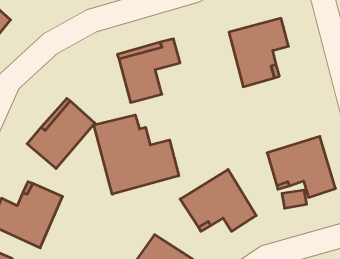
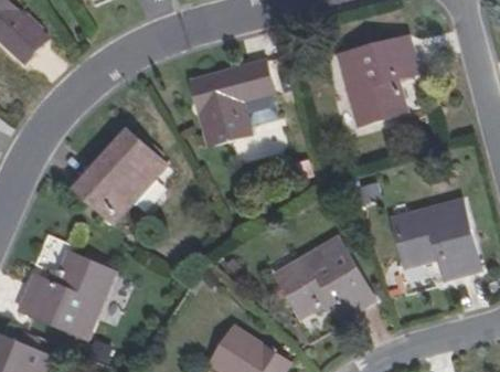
building: [94,115,179,194] -> none

